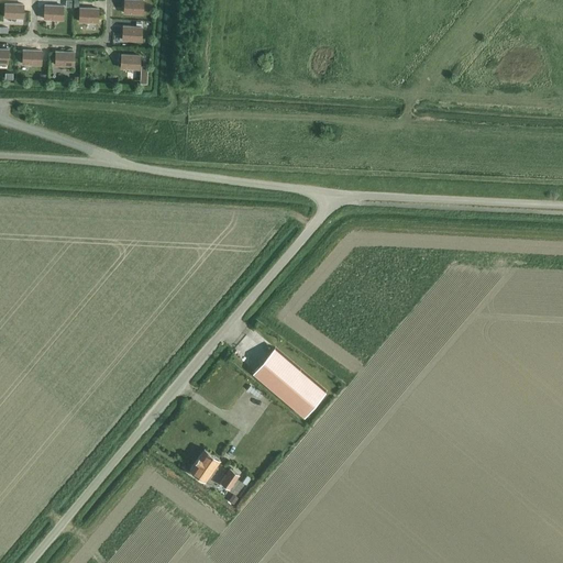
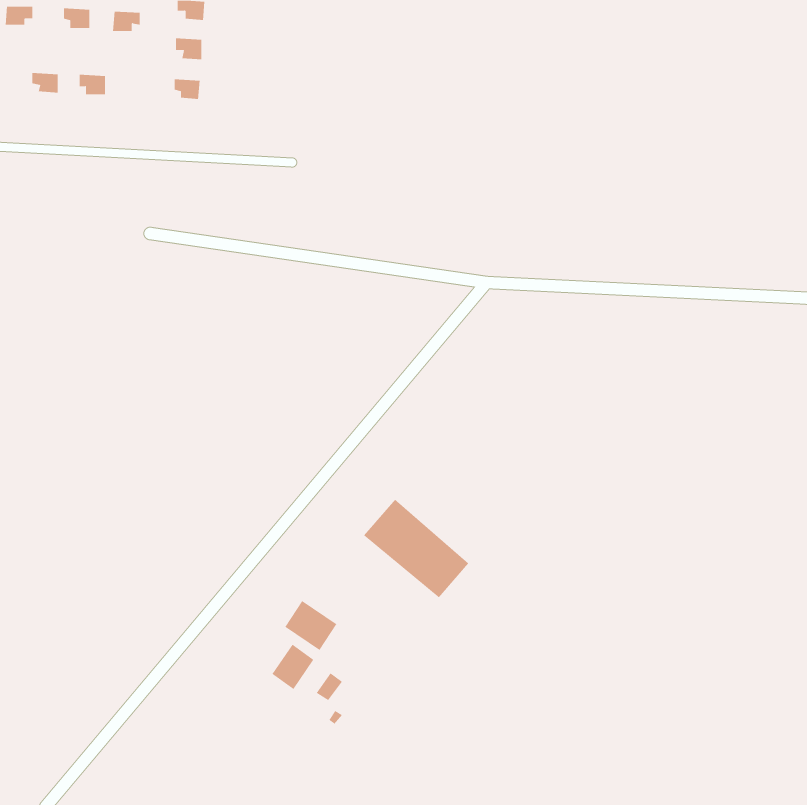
building: none -> [285,600,337,651]

